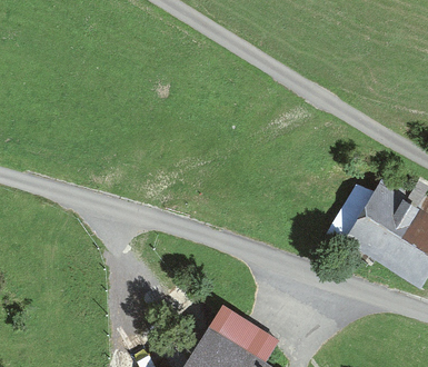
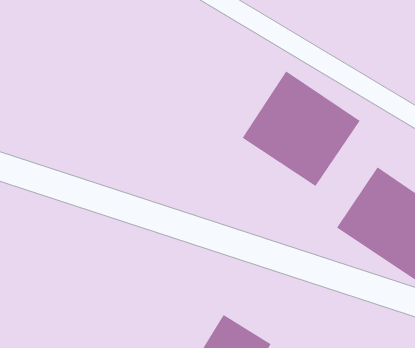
building: none -> [242,70,360,187]

